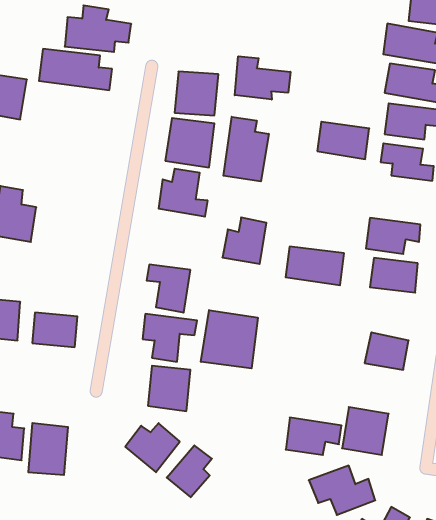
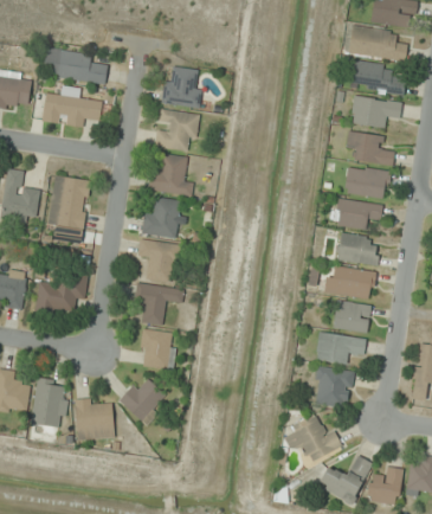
building: [65,5,131,52] -> [41,85,101,127]
building: [235,56,290,100] -> none
building: [223,117,269,181] -> none
building: [317,122,369,159] -> [343,166,389,199]
building: none -> [46,175,89,243]
building: [222,217,266,264] -> [141,197,180,238]
building: [286,247,344,285] -> [323,265,375,300]
building: [201,310,258,368] -> none
building: [286,418,342,455] -> [315,332,365,365]
building: none -> [76,399,112,438]
building: [167,445,212,497] -> none

